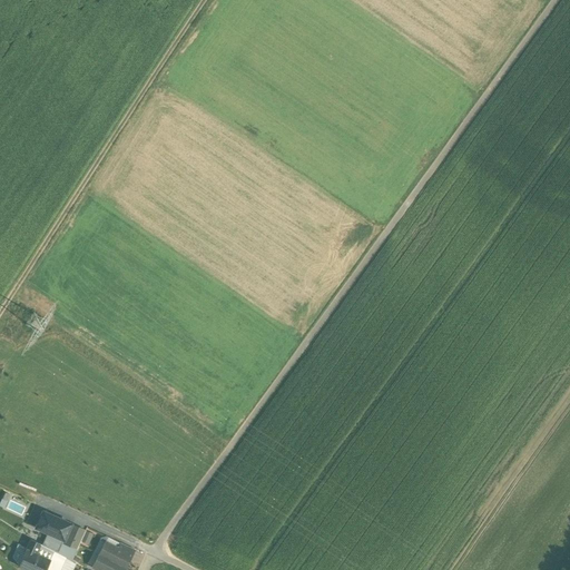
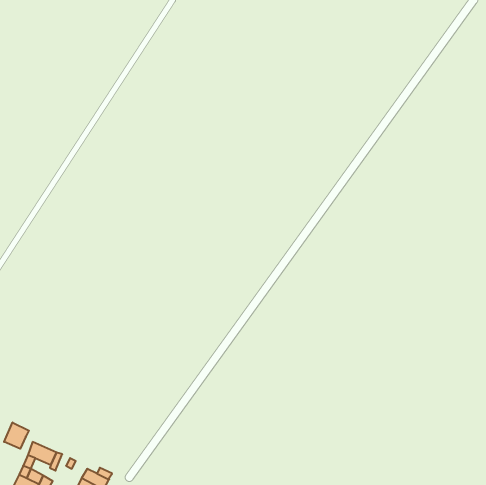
building: none -> [4,422,29,449]

